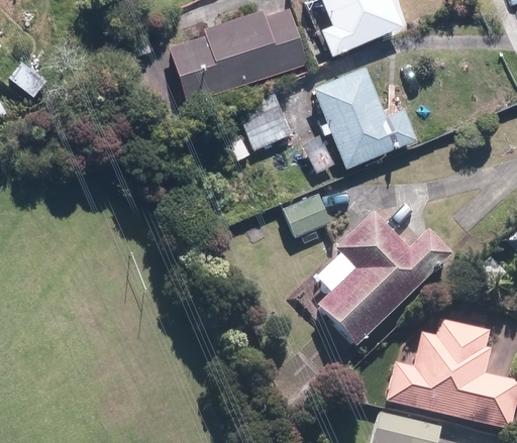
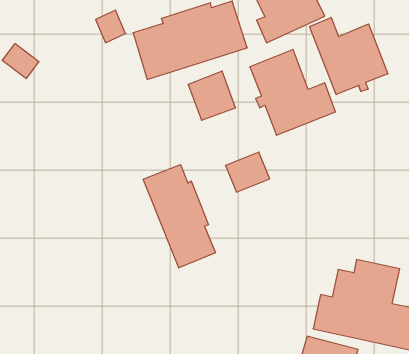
building: none -> [310,17,388,95]
building: none -> [143,165,215,268]
building: [302,213,453,352] -> none

